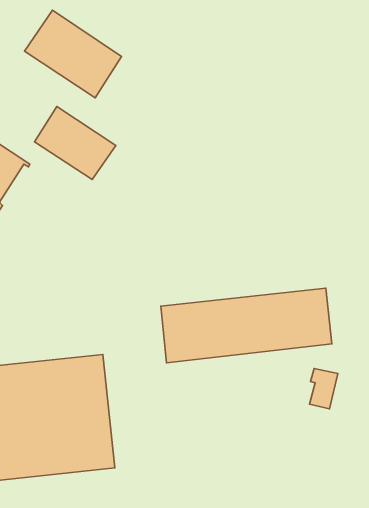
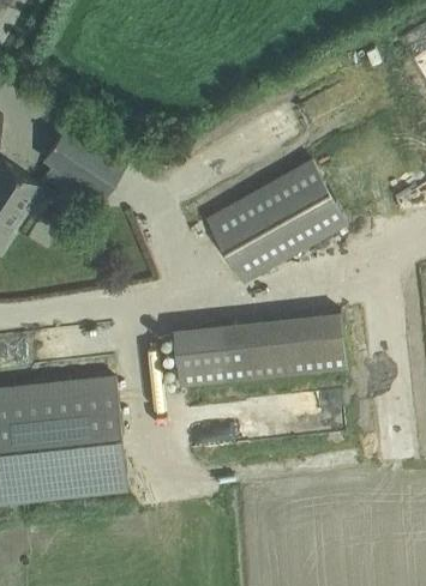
building: [24,10,122,98] -> none
building: none -> [206,159,347,282]

